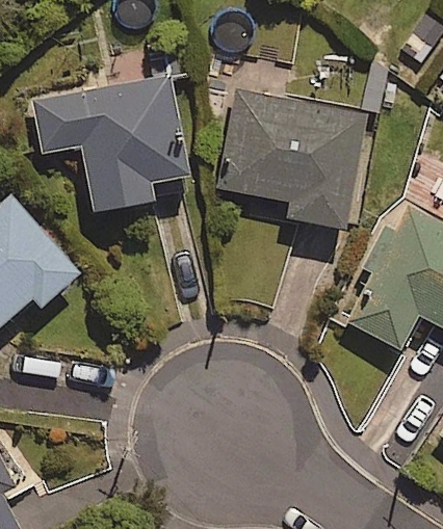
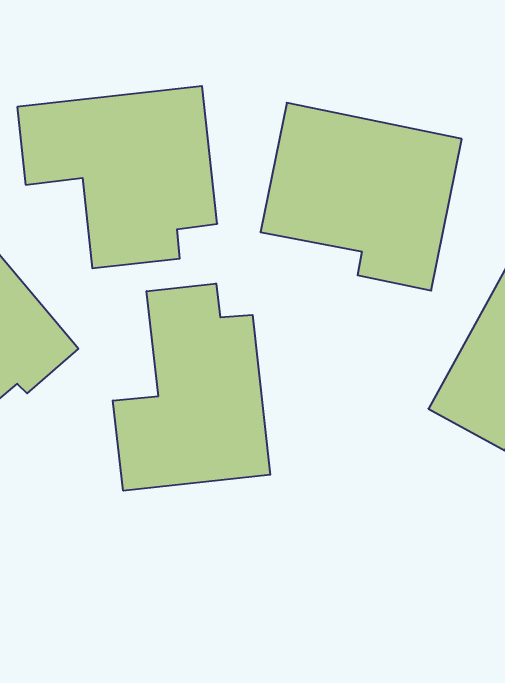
building: none -> [113,283,270,491]

